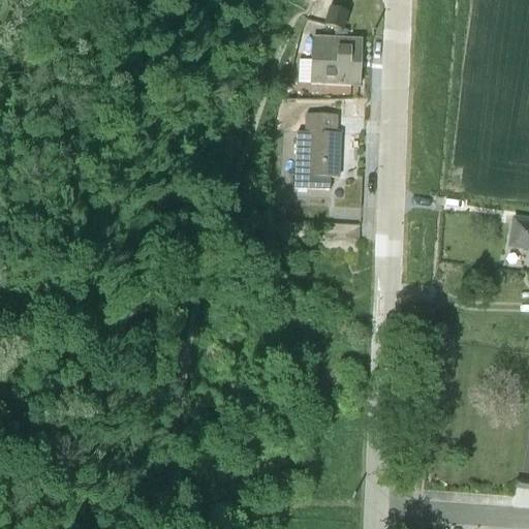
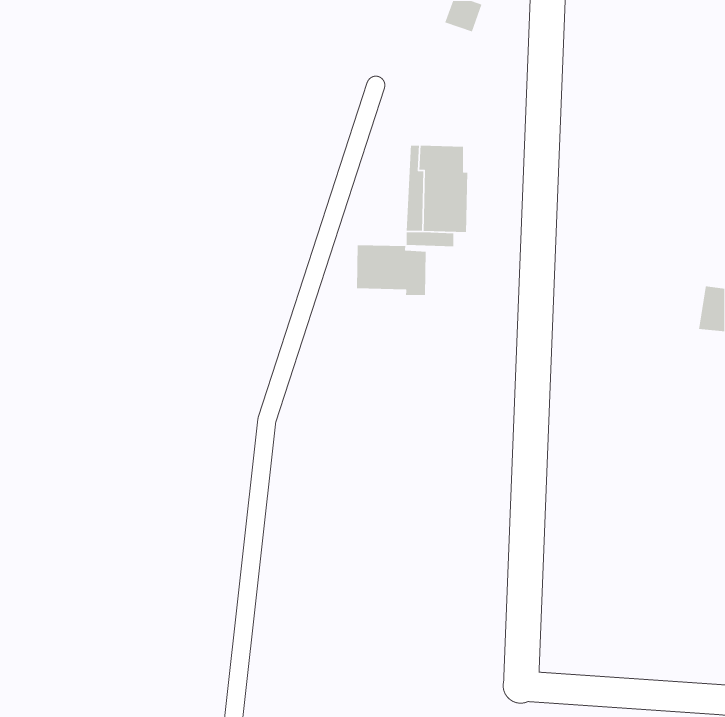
building: [311,33,364,85] -> none
building: none -> [356,244,426,296]

